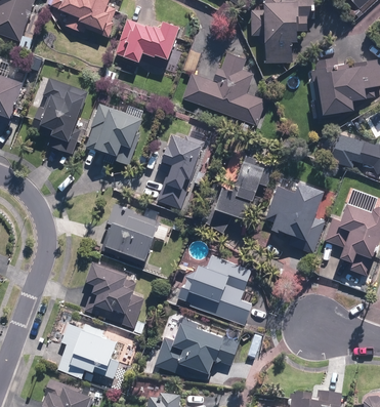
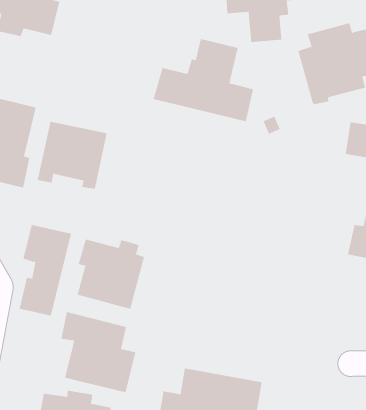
building: [116,14,182,63] -> none
building: [156,132,206,208] -> [19,225,72,316]
building: [218,154,275,217] -> none
building: [266,179,328,255] -> none
building: [175,255,252,324] -> none

